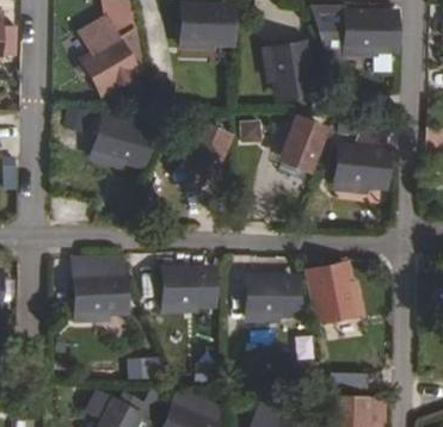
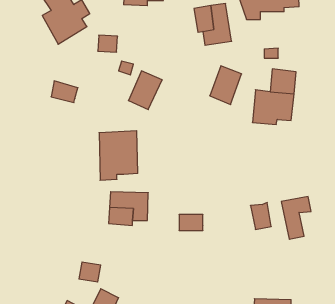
building: [97,120,147,163] -> none
building: [75,259,122,318] -> [99,131,138,180]
building: [312,268,347,320] -> [281,197,311,239]
building: [247,279,294,312] -> none

